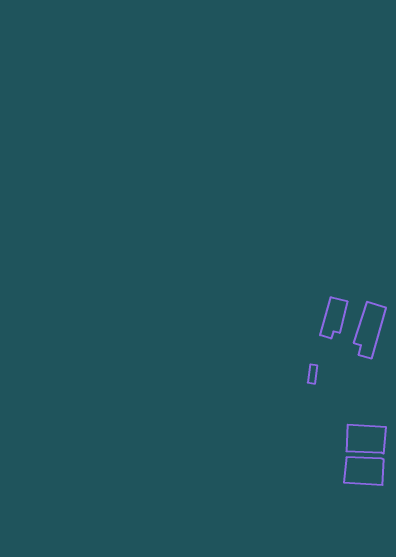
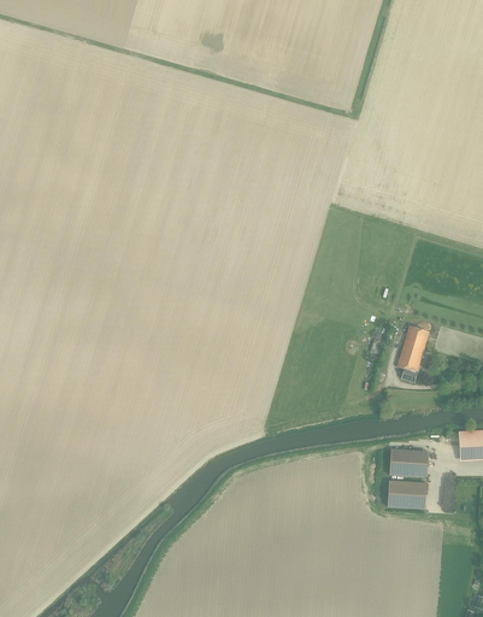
building: [320,297,347,339] -> none

